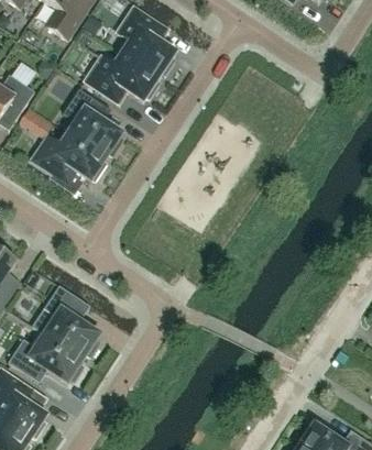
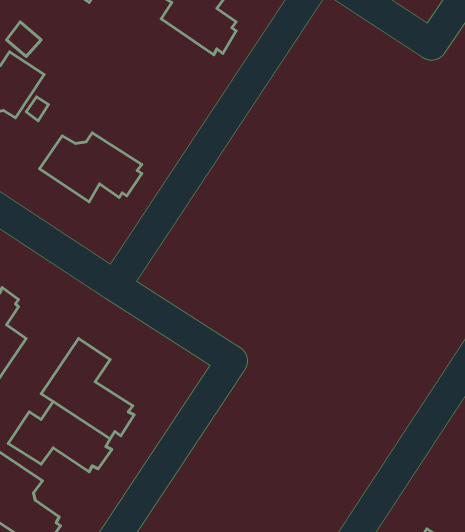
building: [85,50,160,103] -> none
building: [63,87,122,156] -> none

